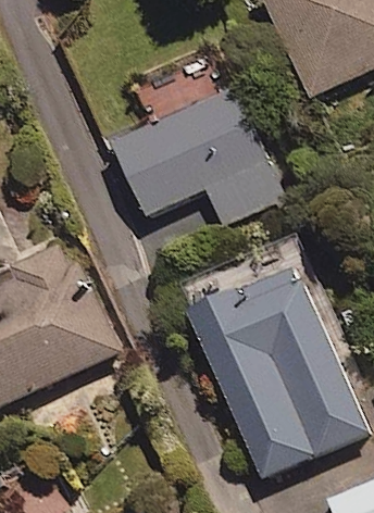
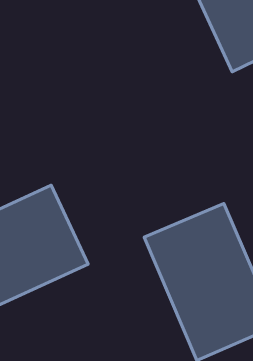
building: [115,90,284,222] -> none

